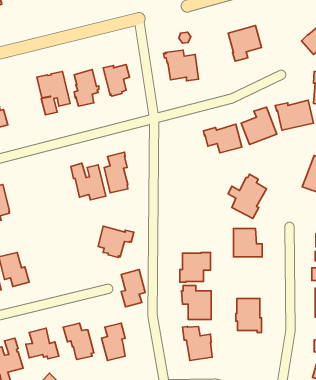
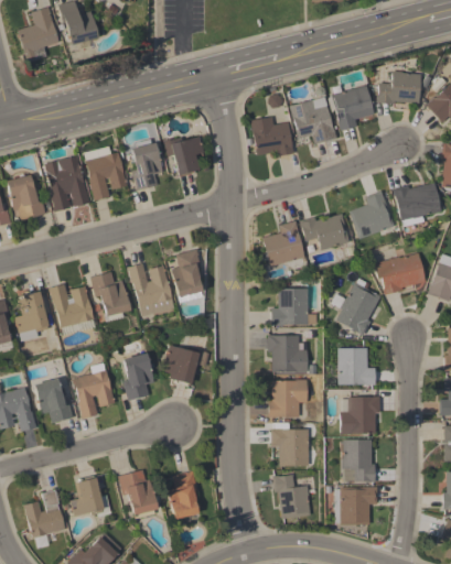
building: none -> [376,70,421,104]
building: none -> [290,97,337,144]
building: none -> [46,155,90,212]
building: none -> [261,220,305,267]
building: none -> [375,252,427,294]
building: none -> [90,272,130,322]
building: none -> [49,284,93,328]
building: none -> [271,289,316,325]
building: none -> [268,335,309,372]
building: none -> [73,362,116,419]
building: none -> [341,397,380,433]
building: [121,269,145,307] -> [124,352,154,401]
building: none -> [335,486,377,524]

